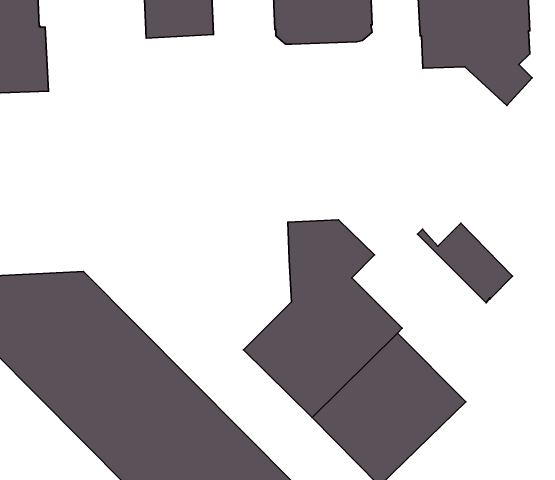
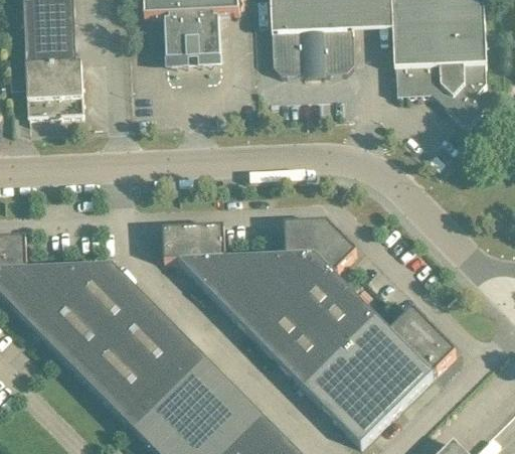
building: [418,223,513,303] -> [375,306,455,372]
building: none -> [162,224,287,329]

